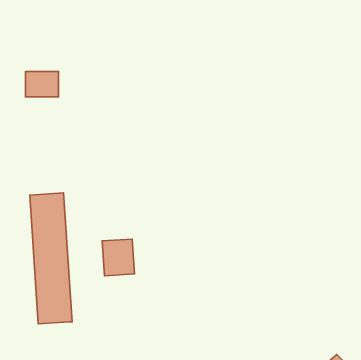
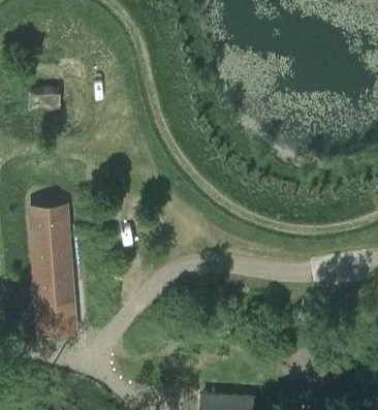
building: [102,239,134,276] -> none

